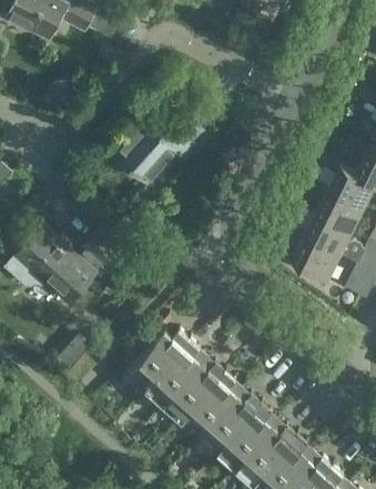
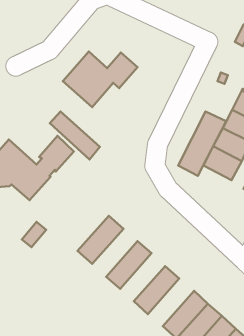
building: none -> [178,111,226,176]
building: none -> [50,112,100,159]
building: [150,342,207,403] -> none
building: [185,373,243,434] -> none
building: [221,405,280,466] -> none

